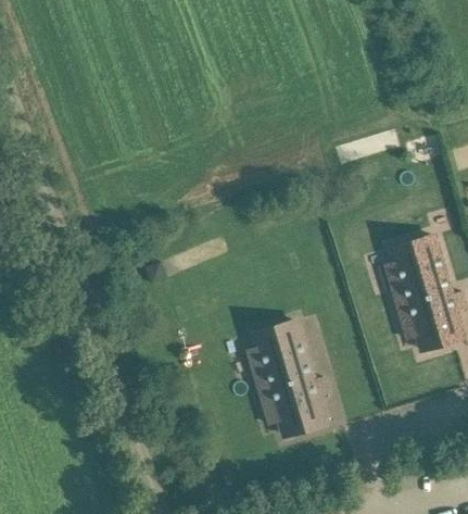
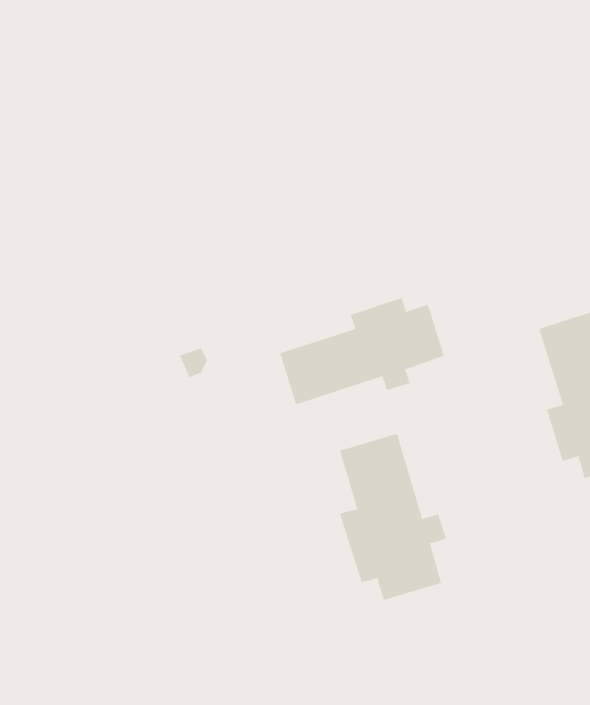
building: none -> [279,297,444,405]

